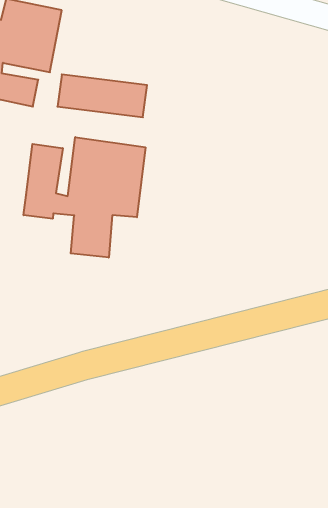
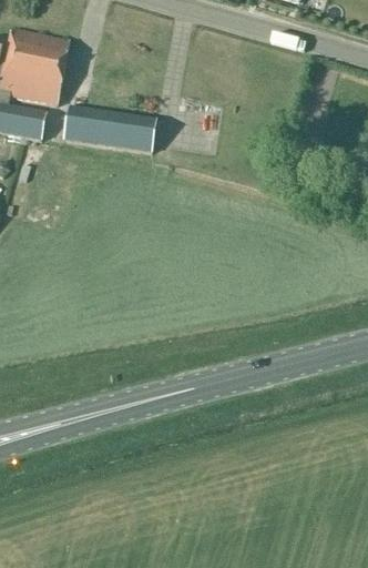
building: [24,137,145,258] -> none

